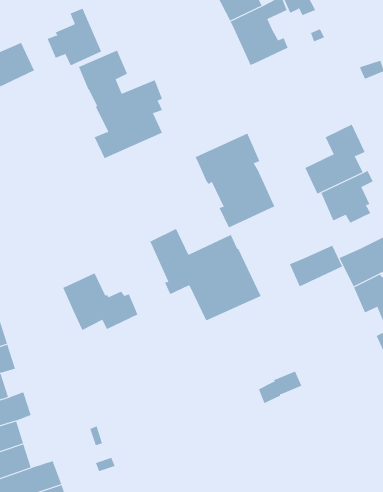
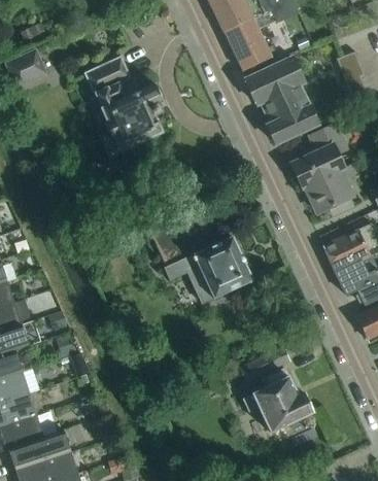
building: [47,8,102,66] -> none
building: [195,133,275,228] -> [245,56,318,142]
building: [289,245,343,287] -> none
building: [62,273,138,331] -> none
building: none -> [242,367,314,431]

